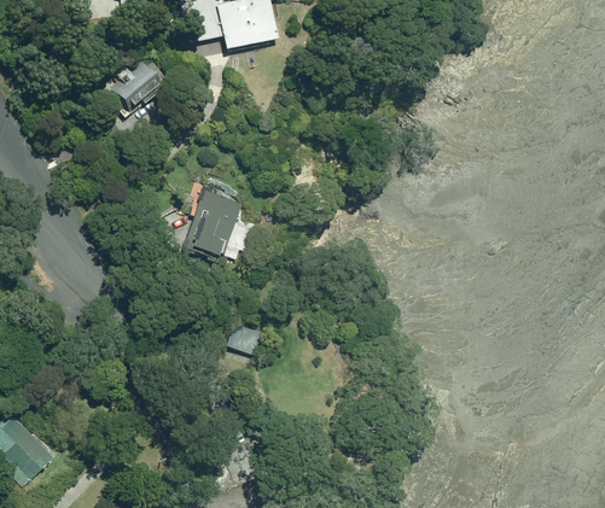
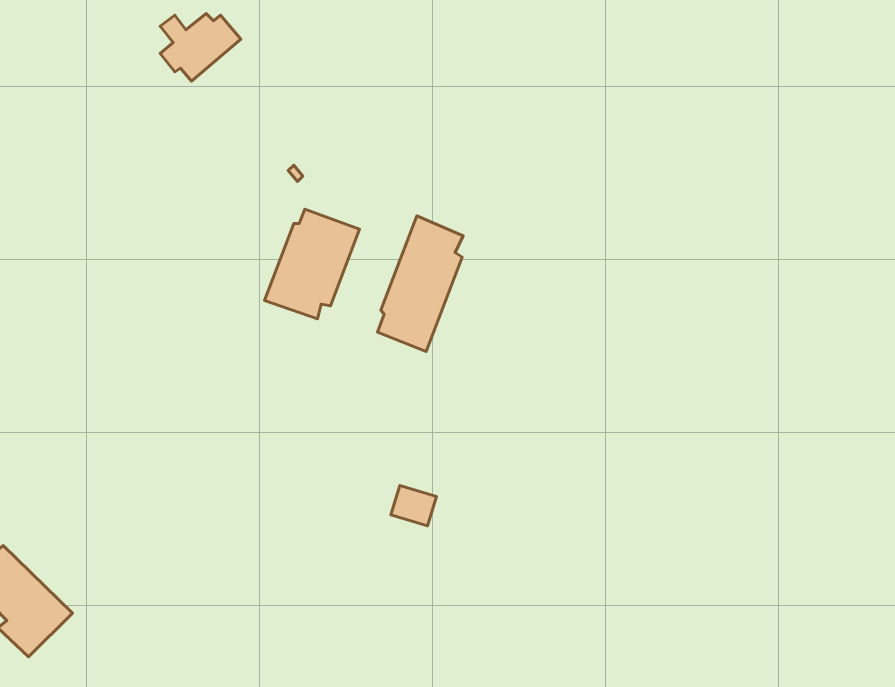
building: none -> [377,216,463,352]
building: [228,326,258,352] -> [391,486,437,526]

